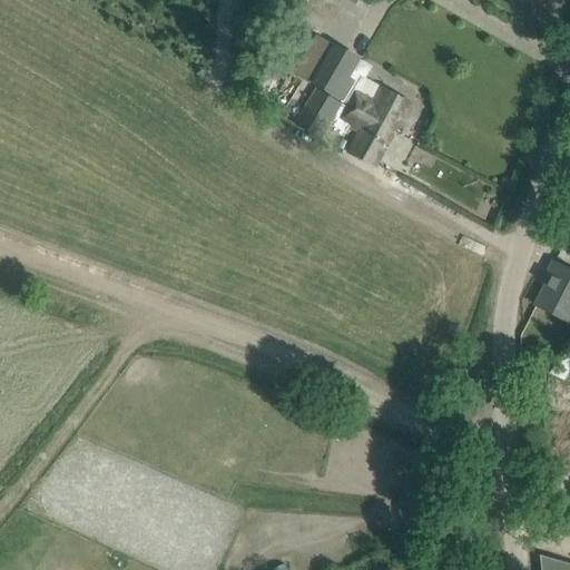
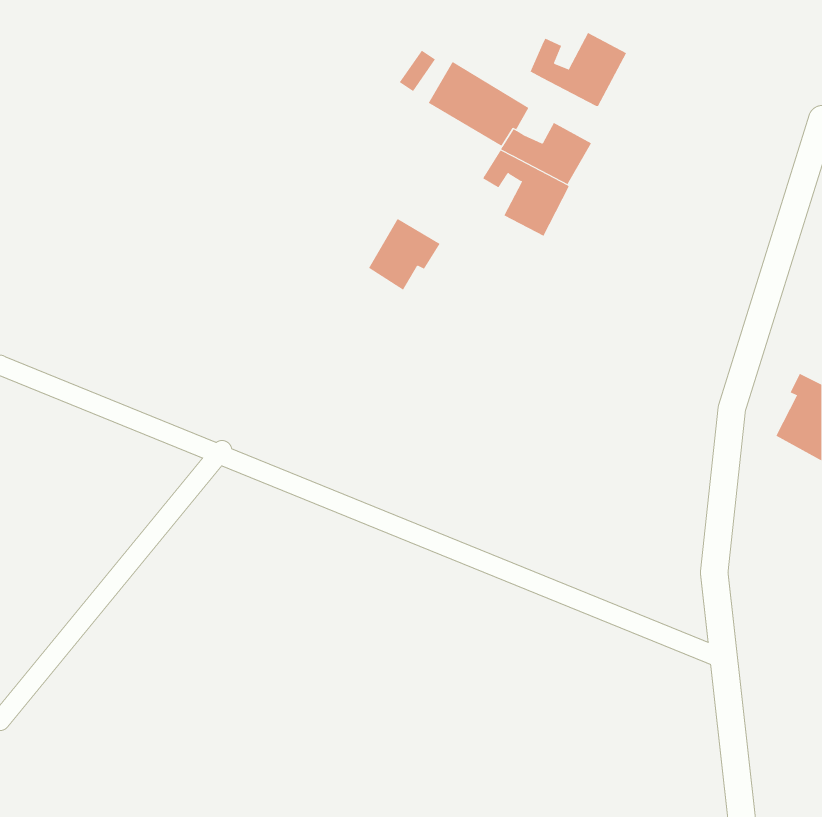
building: none -> [530,32,627,107]
building: [296,86,346,136] -> [368,218,440,290]

